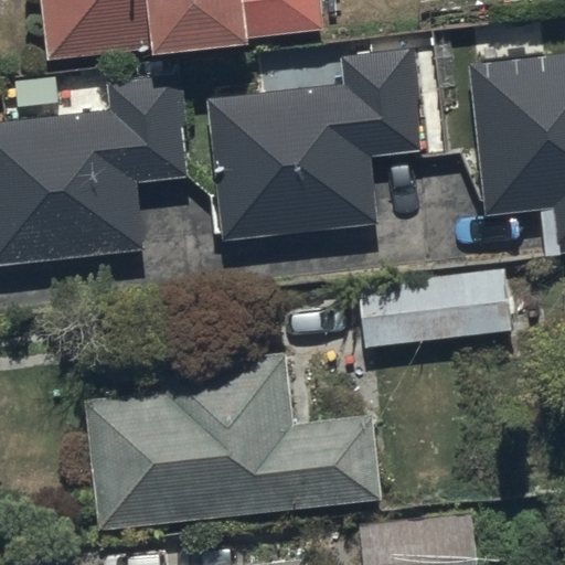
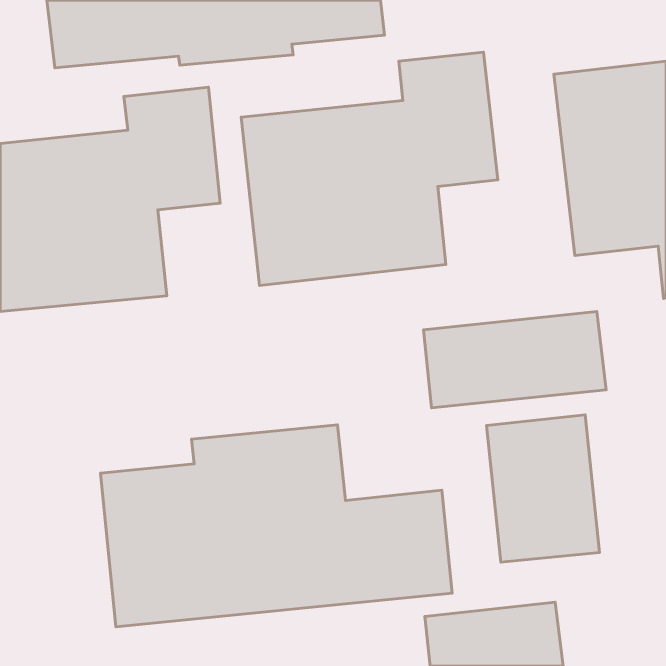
building: none -> [487,415,600,562]

